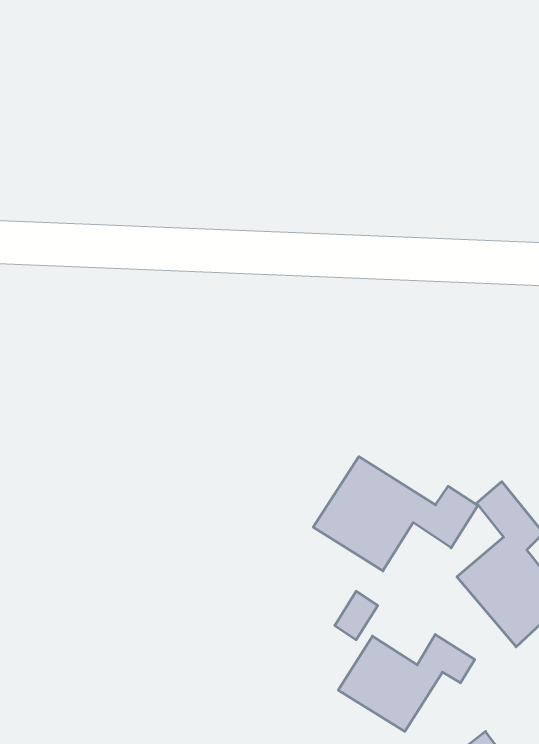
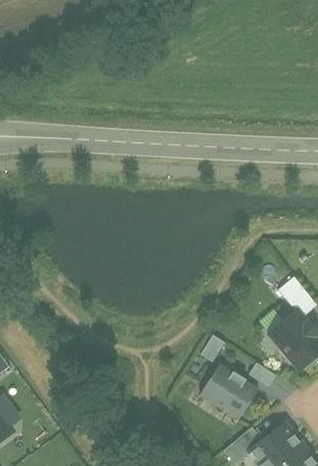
building: [313,457,478,571] -> none

